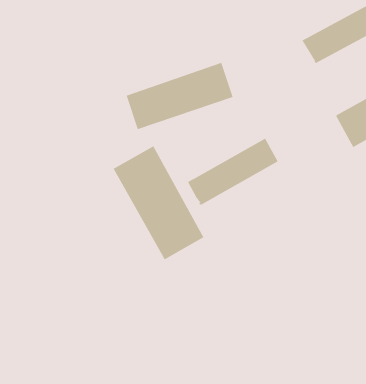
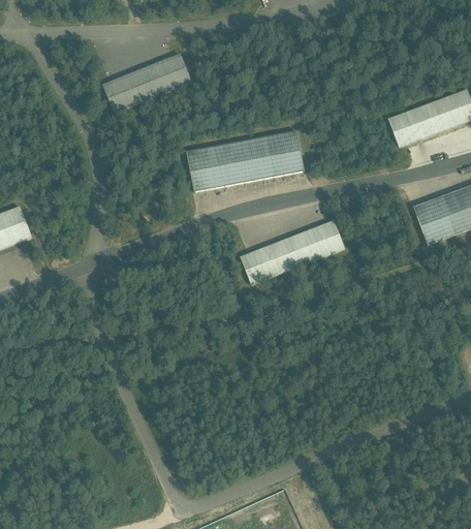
building: none -> [103,53,191,111]
building: [113,146,204,260] -> none

